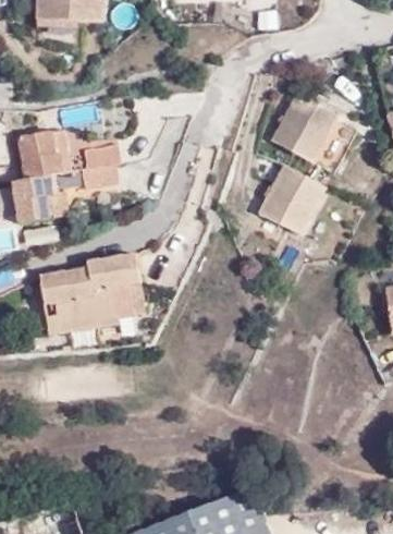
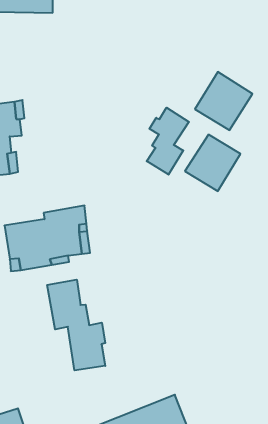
building: none -> [147,108,189,175]
building: [81,146,118,190] -> none
building: none -> [47,280,105,370]

